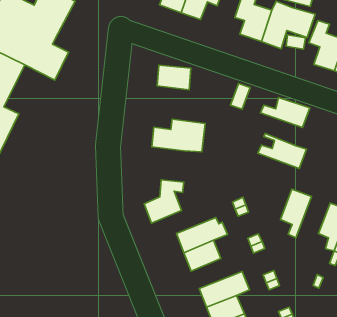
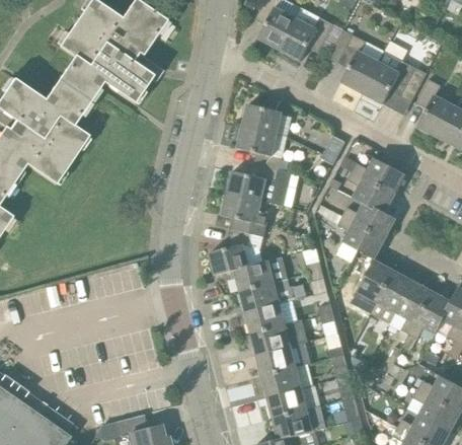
building: none -> [238,126,282,171]
building: none -> [348,171,395,213]
building: none -> [223,192,265,236]
building: none -> [338,215,385,258]
building: none -> [371,271,413,317]
building: none -> [216,256,287,290]
building: none -> [251,320,307,354]

